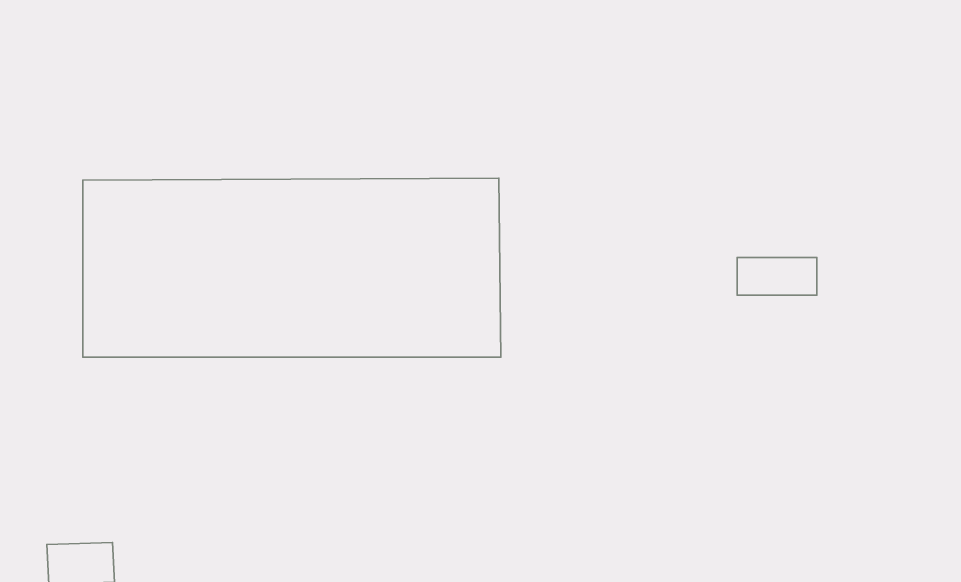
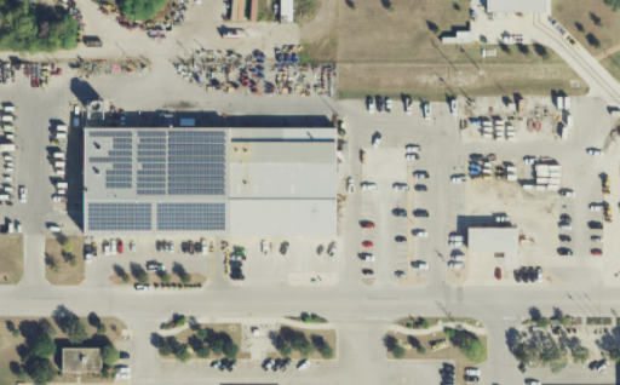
building: [737,257,817,295] -> [467,229,516,252]

